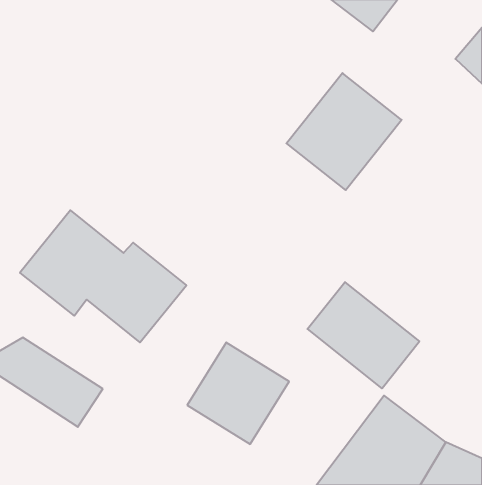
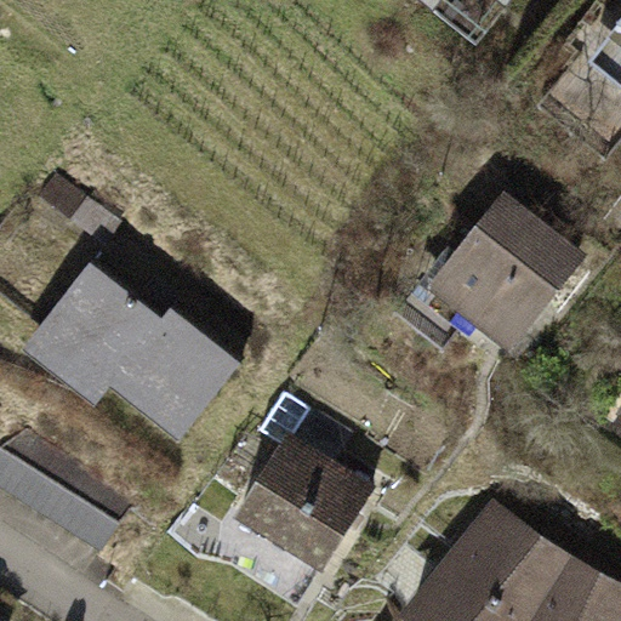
building: [286,73,402,190] -> [432,196,579,346]
building: [307,282,419,388] -> none

